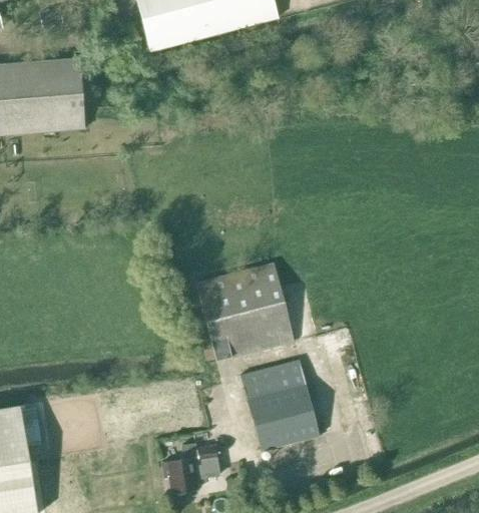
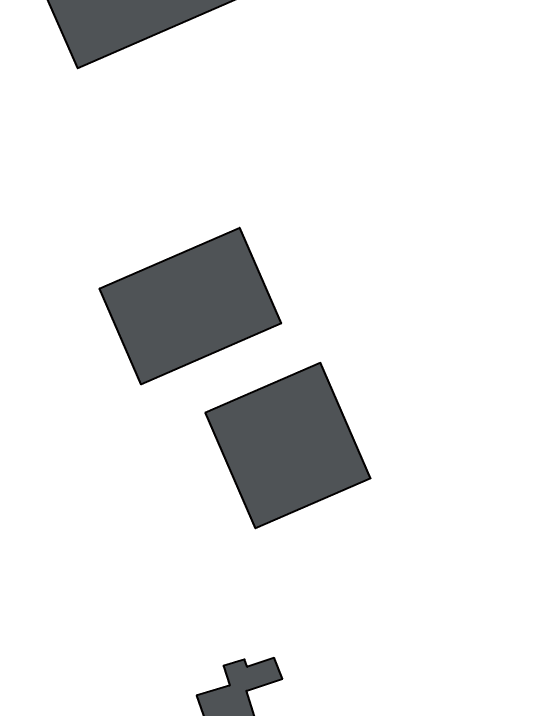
building: none -> [100,228,281,384]
building: [242,360,320,450] -> none

